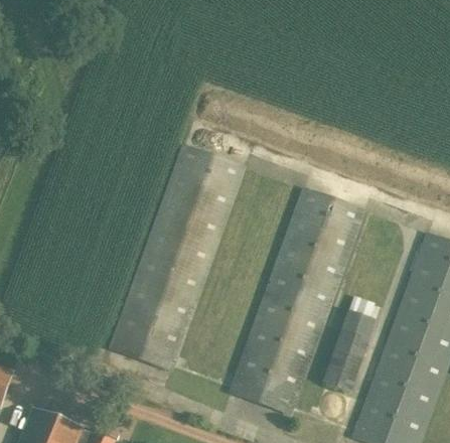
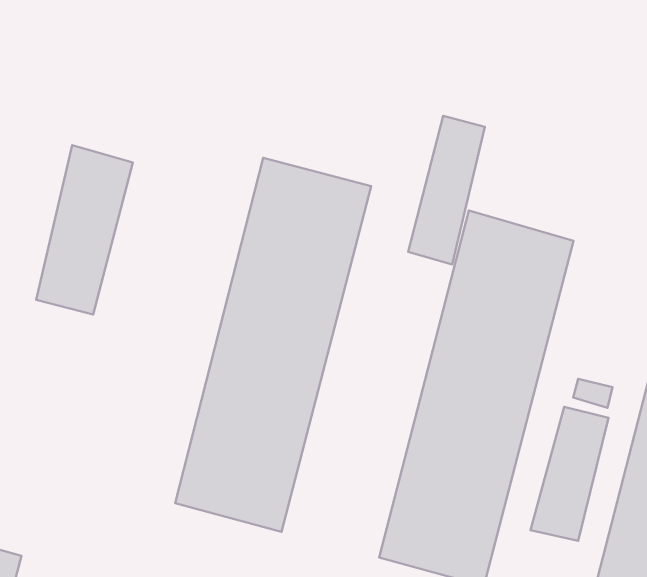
building: none -> [36,145,133,315]
building: none -> [408,116,485,264]

